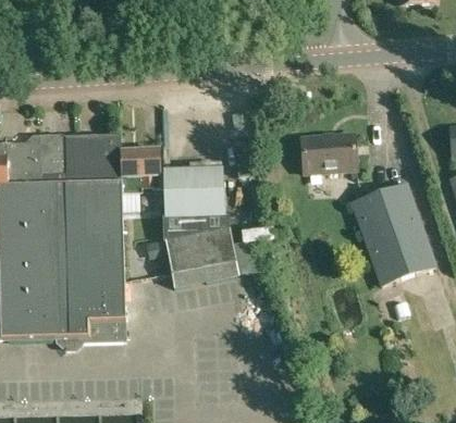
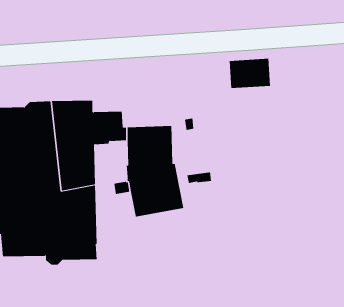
building: [303,133,357,172] -> [229,58,271,89]
building: [353,182,435,284] -> none

